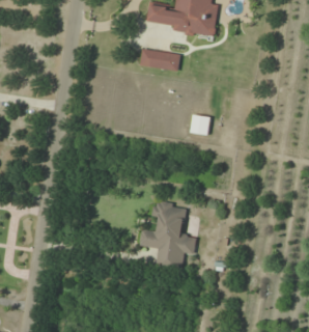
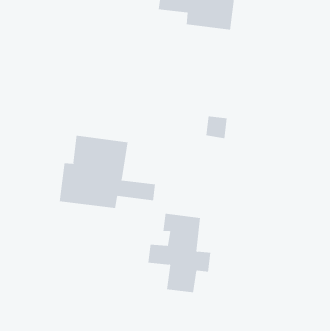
building: [139,49,178,71] -> none
building: none -> [59,135,155,209]

